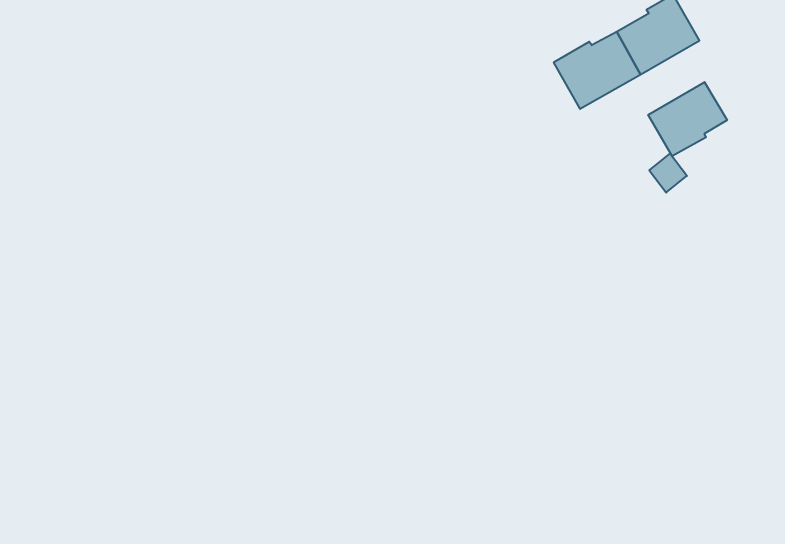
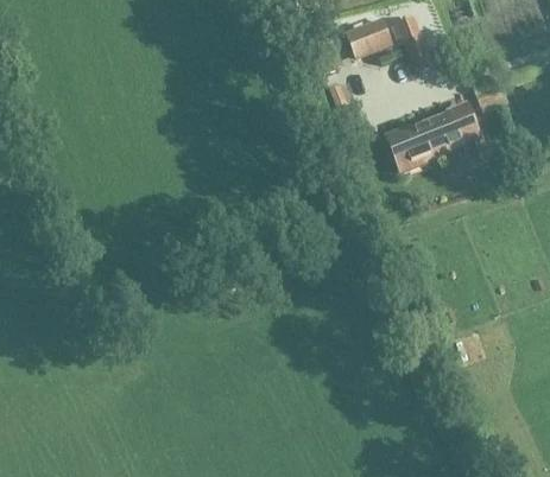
building: [648,82,727,156] -> none

